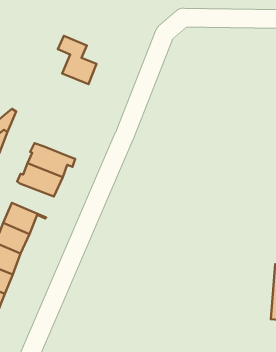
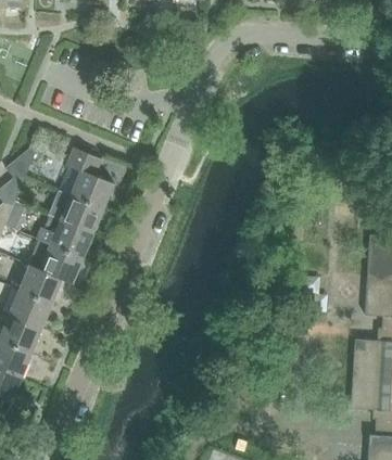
building: [58,36,96,84] -> [65,146,113,206]
building: none -> [30,239,83,281]

